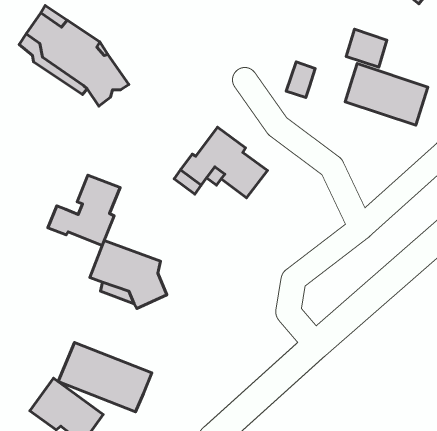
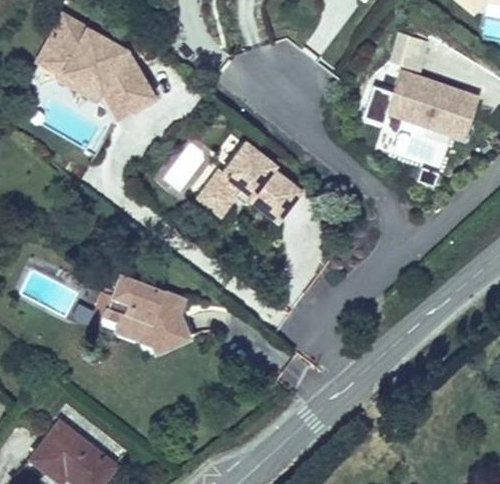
building: [286,62,315,97] -> [363,88,395,127]
building: [48,175,120,245] -> none
building: [58,343,152,412] -> none

